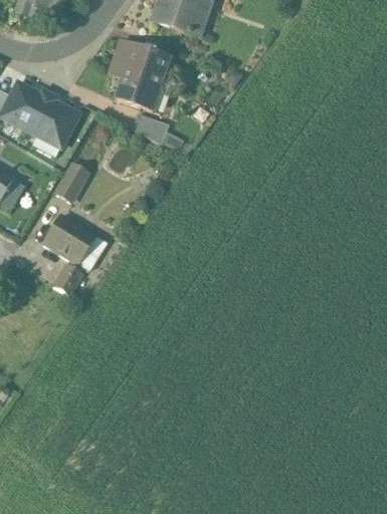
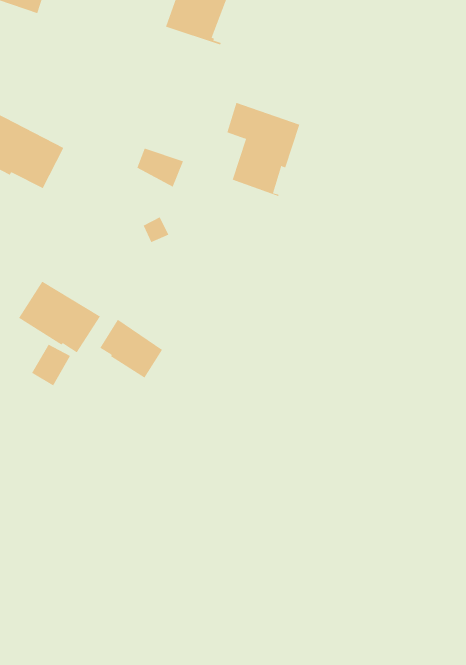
building: [114,38,170,110] -> [227,102,300,197]
building: [55,164,86,201] -> none
building: none -> [100,319,163,378]

